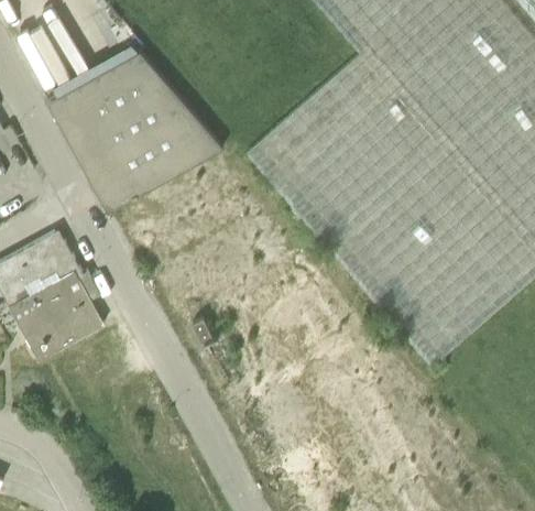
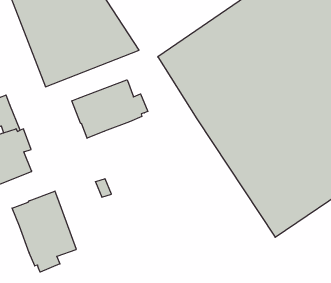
building: none -> [72,80,148,138]
building: none -> [12,191,76,272]

